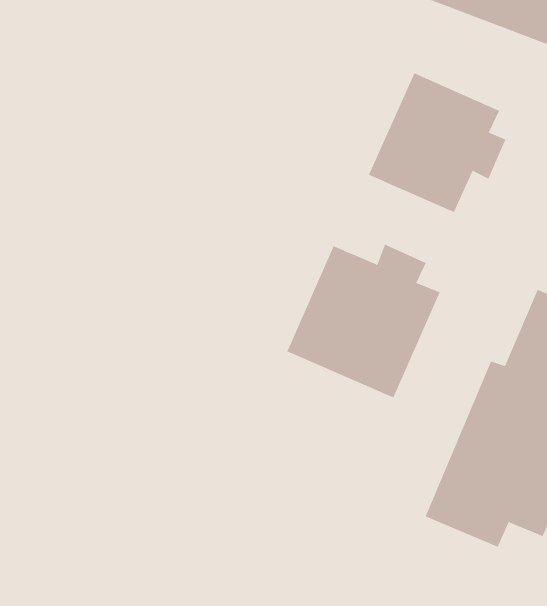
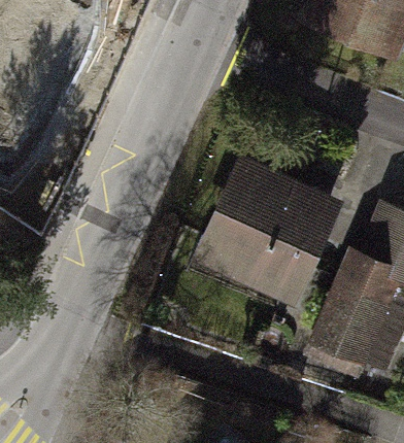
building: [368,73,506,213] -> none

